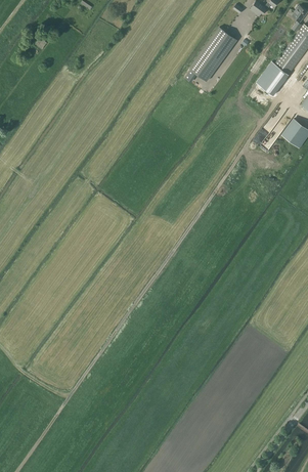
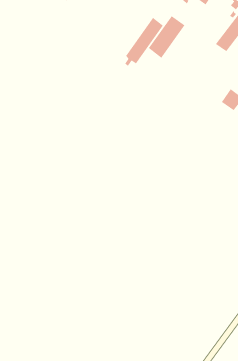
building: none -> [124,17,164,67]
building: [257,62,291,96] -> none

